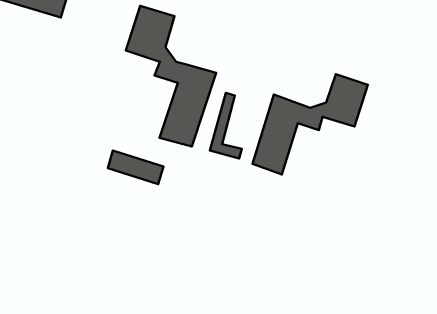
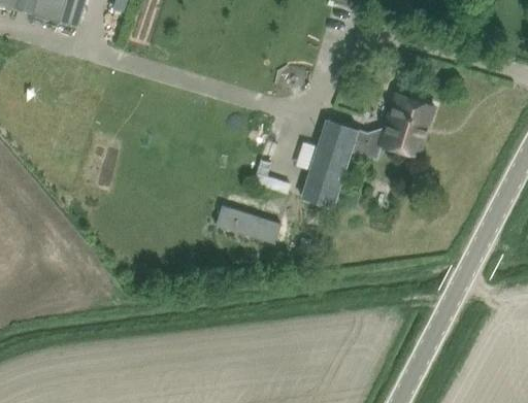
building: [126,6,216,147] -> none
building: [108,151,164,184] -> [214,205,279,244]

